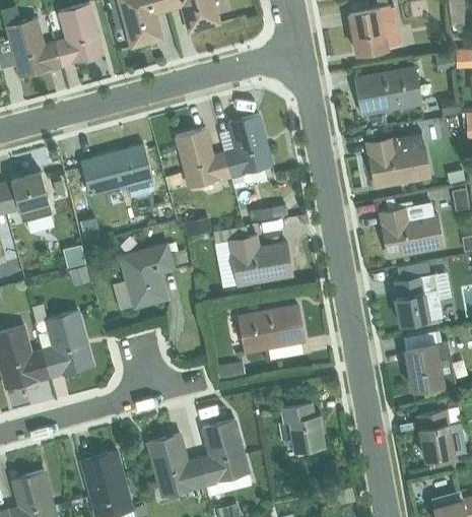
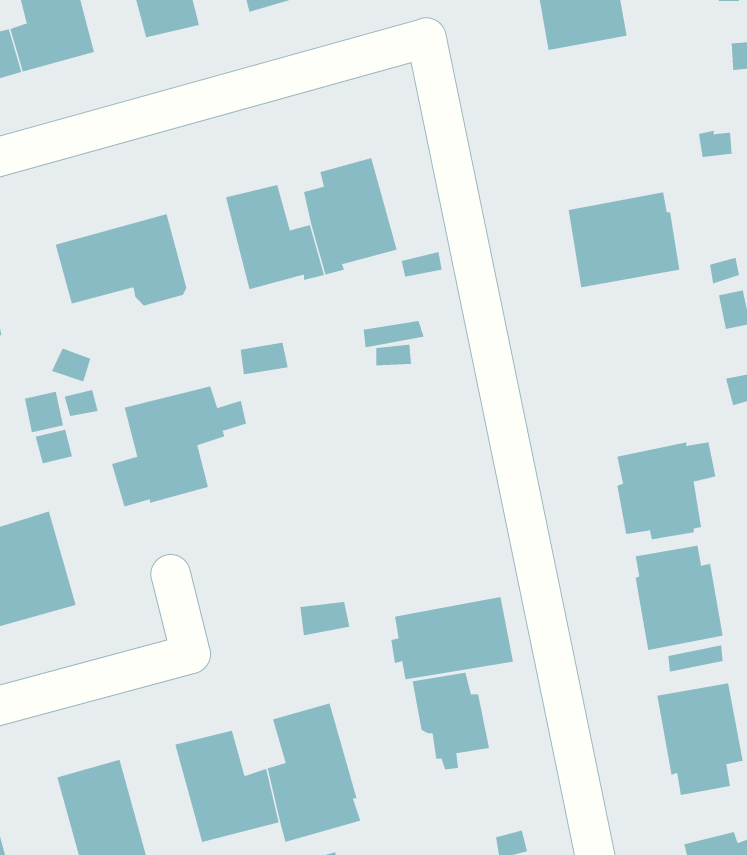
building: [355,68,422,115] -> none
building: [380,199,444,257] -> none
building: [213,227,292,288] -> none
building: [235,305,305,351] -> [390,596,514,680]

